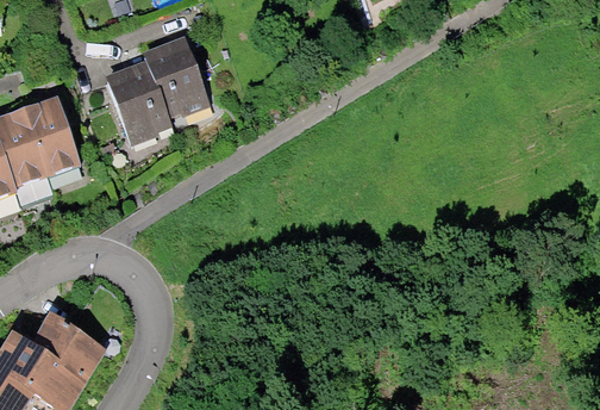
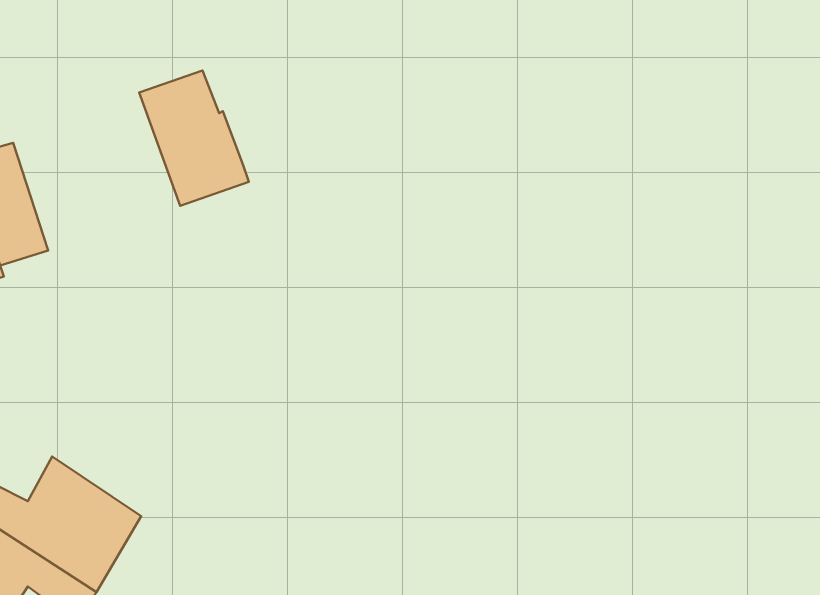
building: [142,36,211,122] -> none
building: [24,95,81,176] -> none

